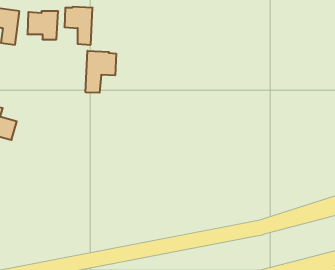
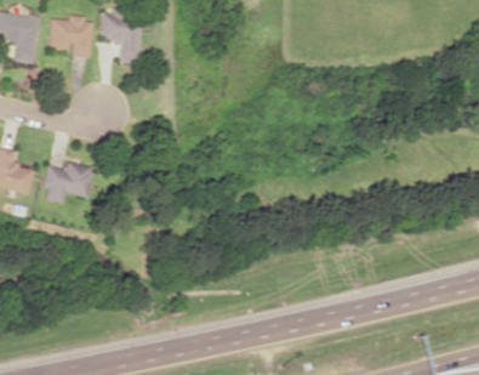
building: [86,51,116,93] -> none
building: none -> [42,163,92,203]

